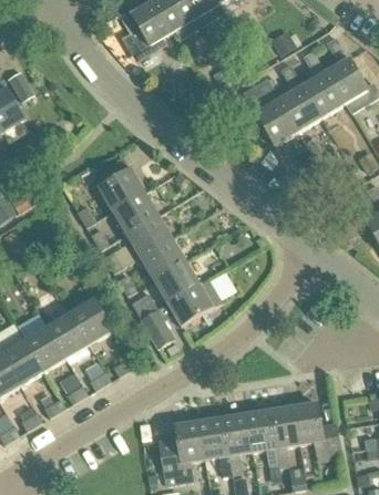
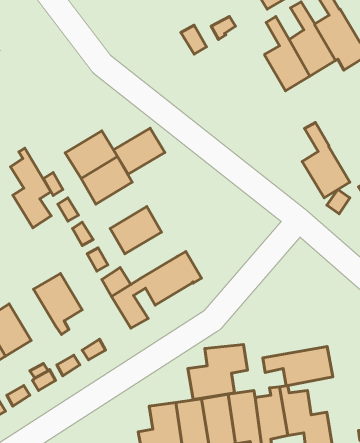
building: [254,76,297,145] -> [302,122,350,198]
building: none -> [10,148,51,228]
building: [124,214,171,256] -> [114,128,165,174]
building: [151,259,198,301] -> none
building: [45,311,88,358] -> none
building: none -> [188,344,247,400]
building: none -> [263,347,333,386]

